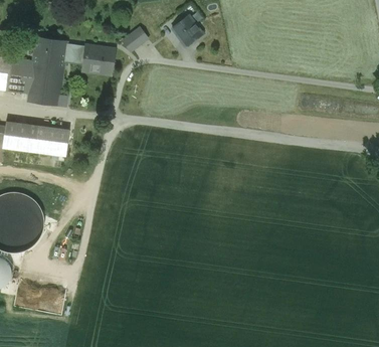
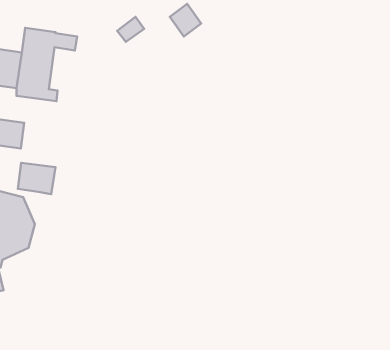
building: [81,44,115,74] -> none
building: [32,126,67,155] -> [18,163,56,194]

